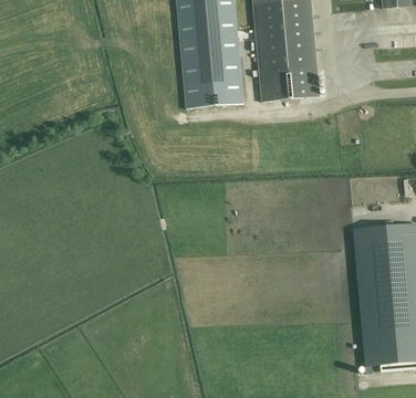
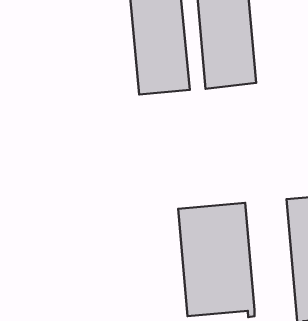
building: none -> [178,203,255,317]

